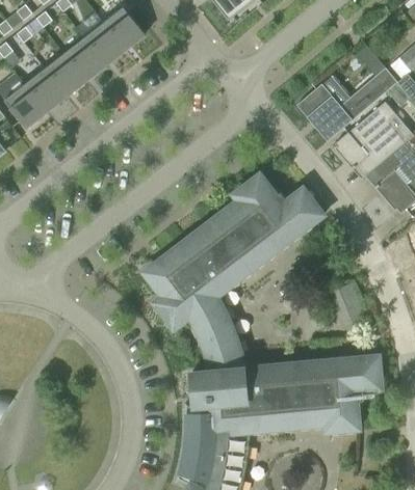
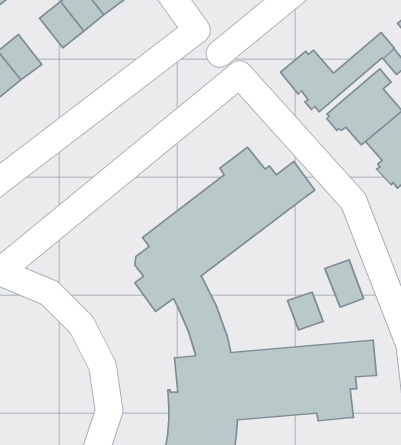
building: [44,53,85,97] -> none
building: none -> [288,292,323,330]

